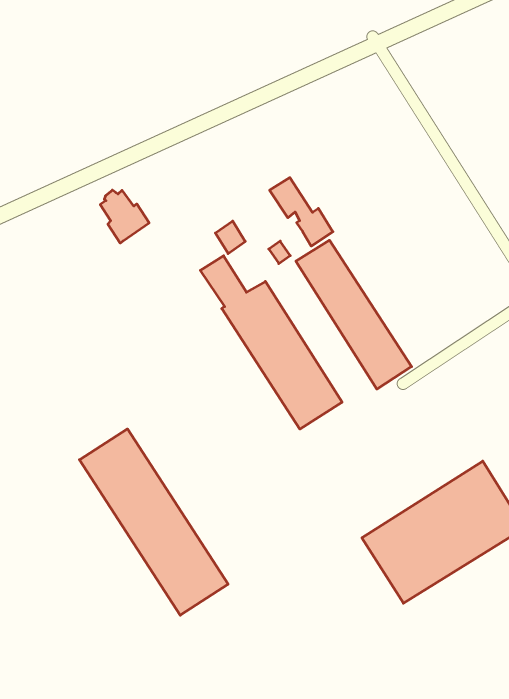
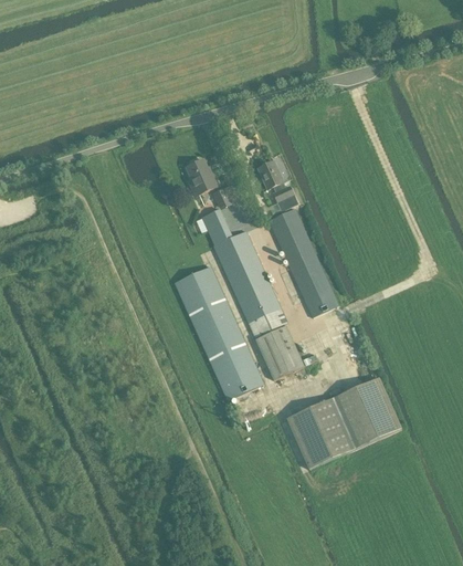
building: [100,190,149,243] -> [185,157,217,195]
building: none -> [254,324,302,378]
building: [79,429,228,615] -> [172,264,263,399]

